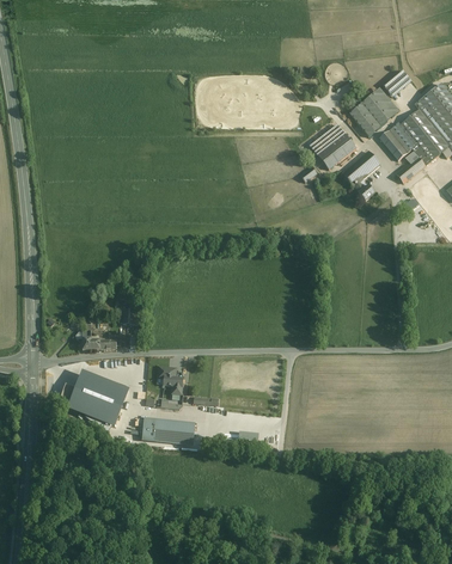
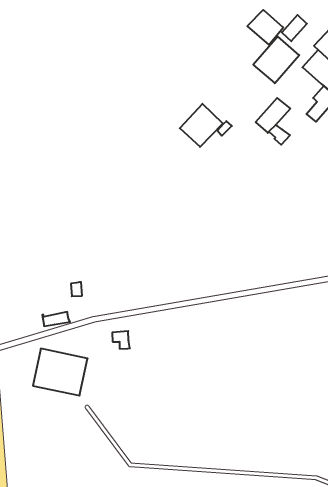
building: [379,123,416,160] -> [247,10,283,45]
building: [311,124,356,168] -> [180,104,223,147]
building: [142,418,194,443] -> none

